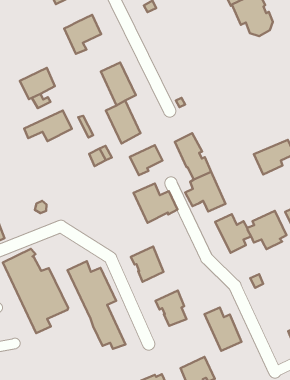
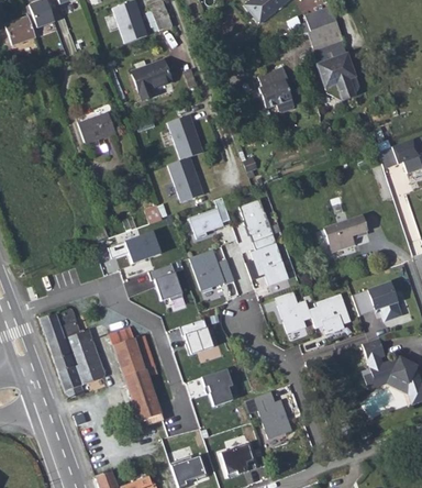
building: none -> [258,67,295,112]
building: [24,110,72,141] -> [109,232,160,264]
building: none -> [148,264,184,301]

